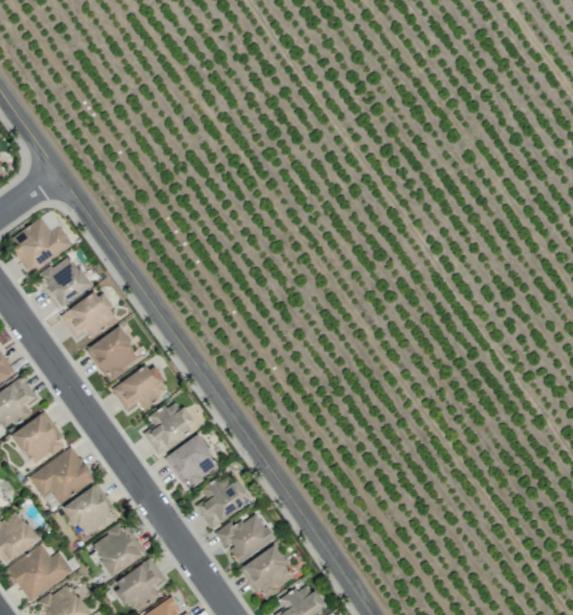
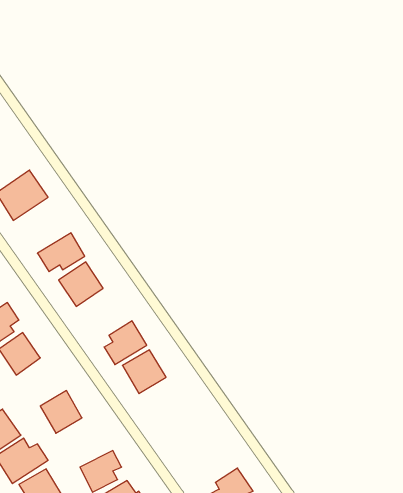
building: [43,256,91,308] -> none
building: [112,364,169,411] -> none
building: [29,448,95,503] -> none
building: [198,480,251,525] -> none
building: [215,513,274,562] -> none
building: [91,524,143,577] -> none
building: [241,547,296,601] -> none

